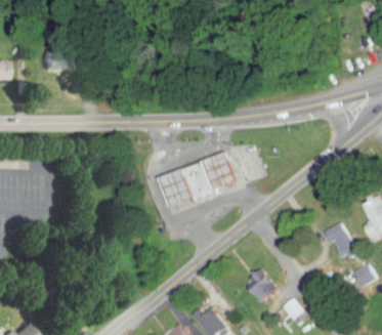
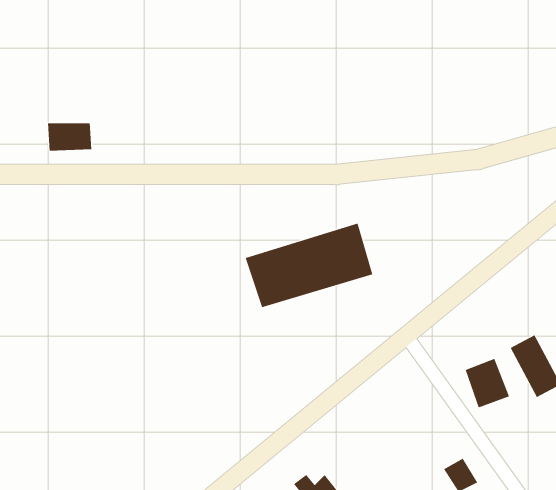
building: [45,51,73,69] -> [47,123,92,151]
building: [248,270,275,301] -> [465,358,510,408]

